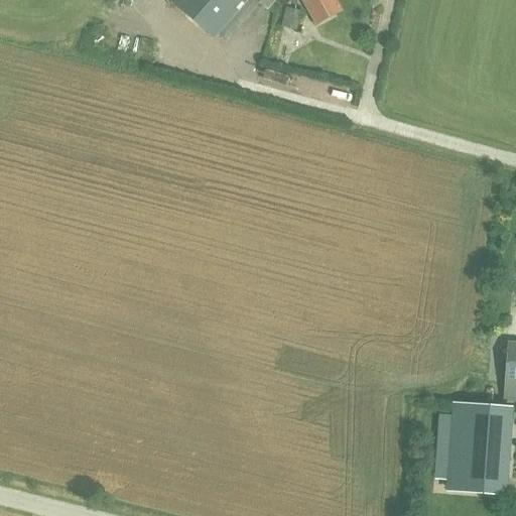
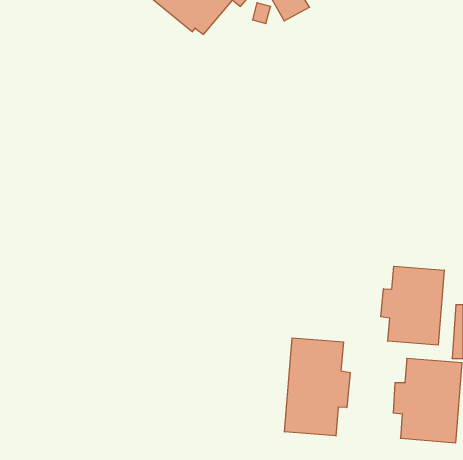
building: none -> [381,266,444,345]
building: none -> [285,338,350,436]

